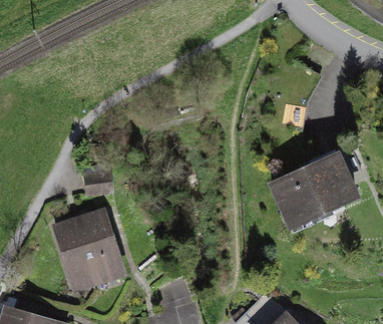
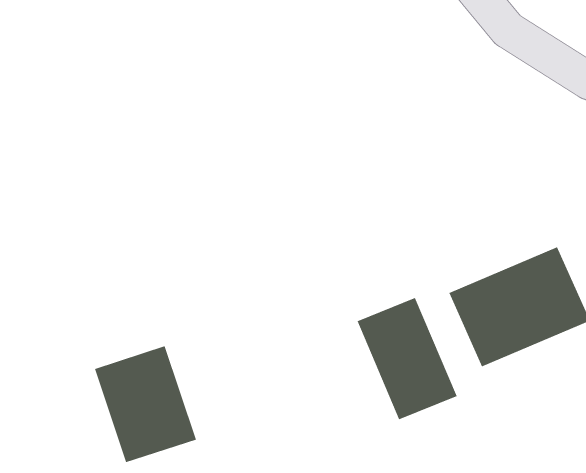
building: none -> [357,297,457,420]

